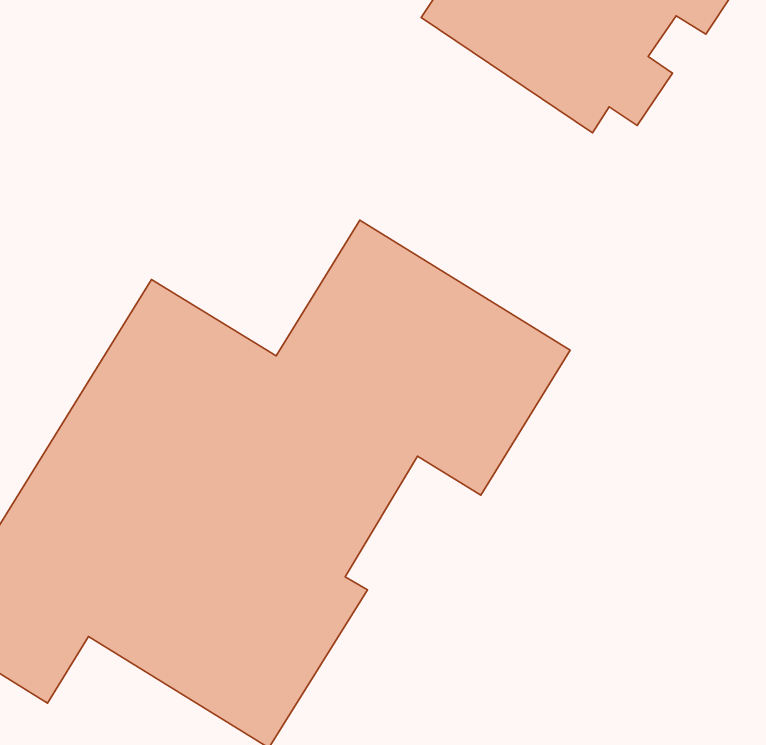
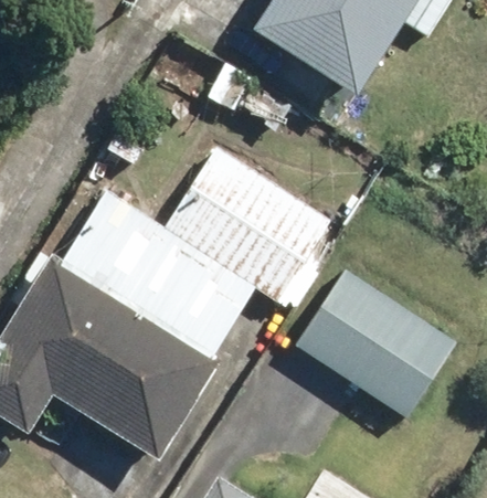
building: none -> [289,265,456,421]

